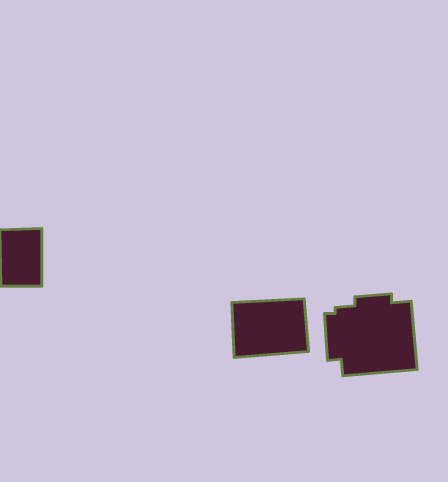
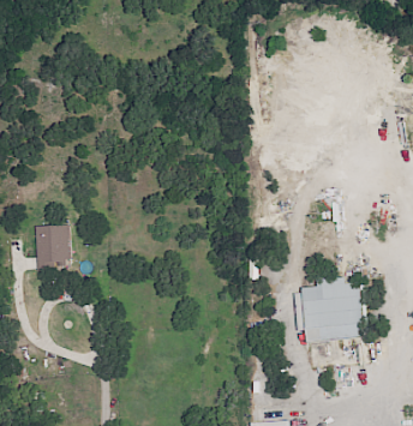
building: [232,299,308,358] -> none

